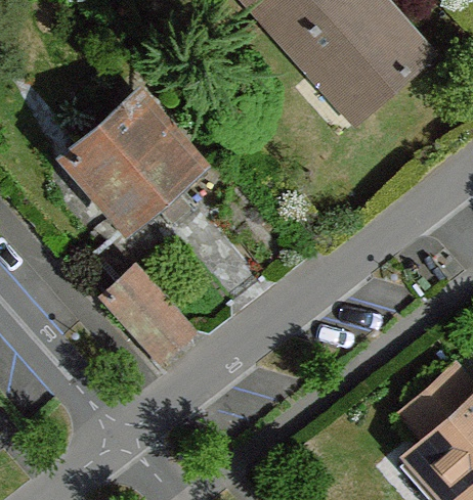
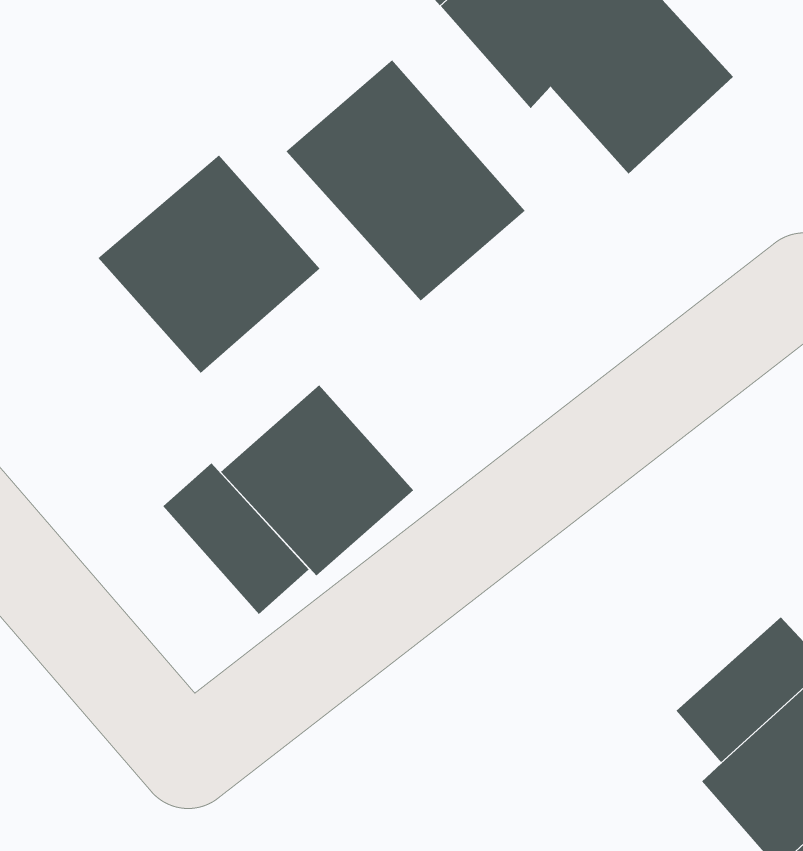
building: none -> [285,59,526,302]
building: none -> [220,384,414,577]

